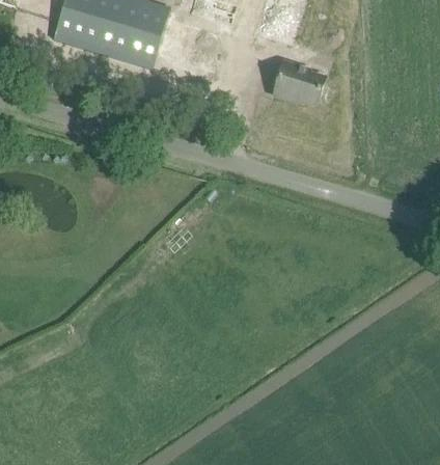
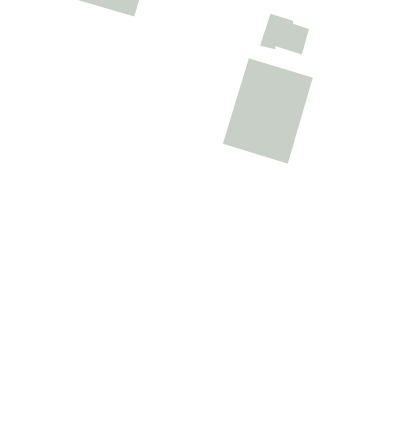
building: none -> [222,57,314,165]

